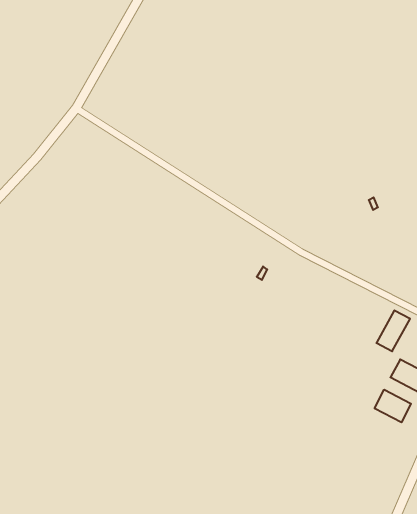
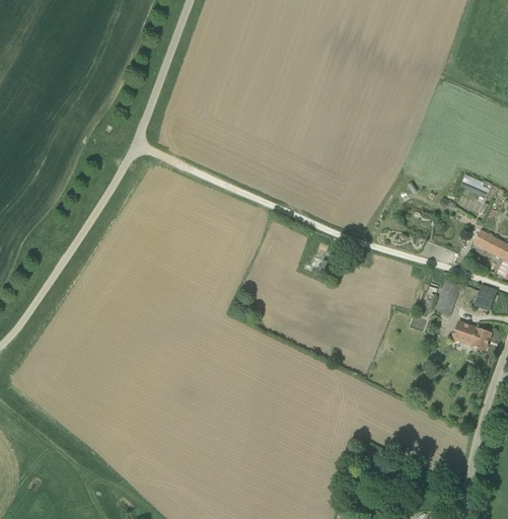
building: [375,390,411,422] -> none

